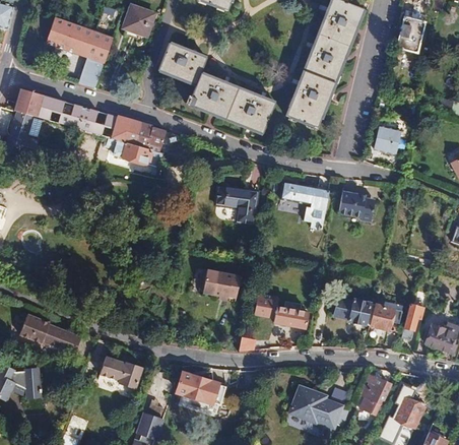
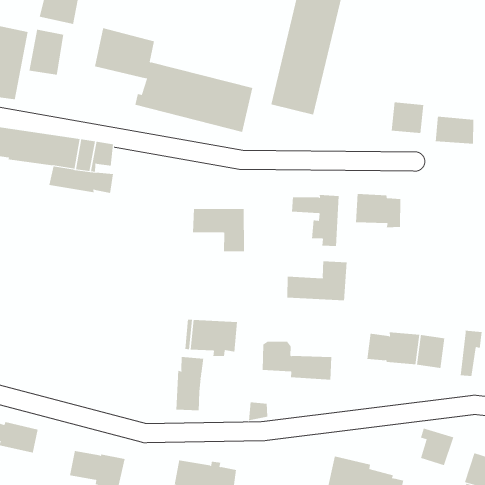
building: none -> [29,29,64,75]
building: none -> [435,116,474,145]
building: none -> [287,260,347,301]
building: none -> [176,356,204,411]

